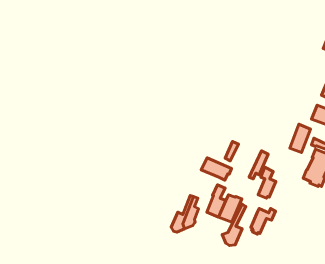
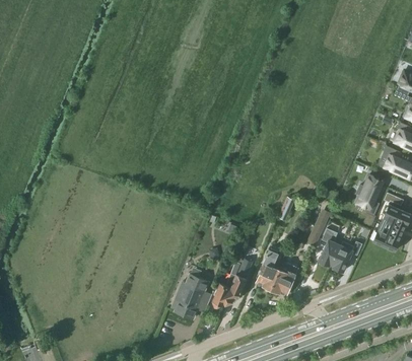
building: [201,158,232,180] -> none
building: [222,204,246,245] -> none
building: none -> [170,273,212,318]
building: [251,209,276,234] -> [332,240,362,272]

